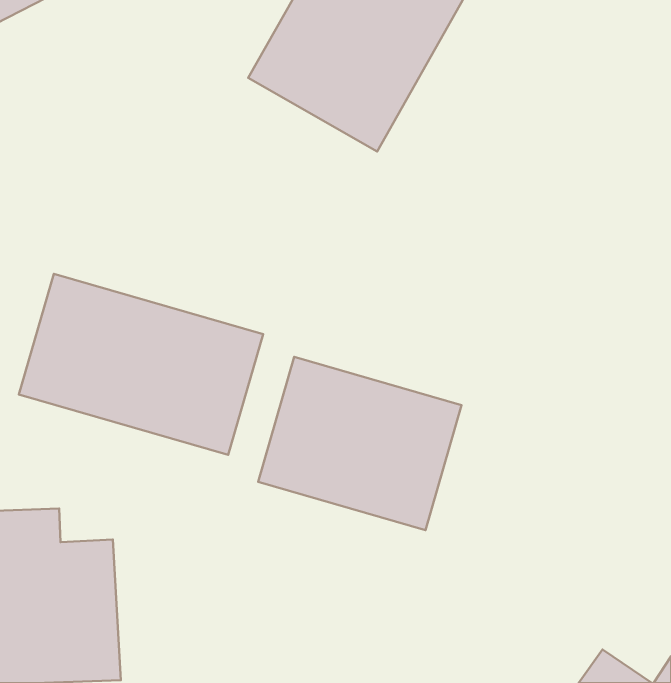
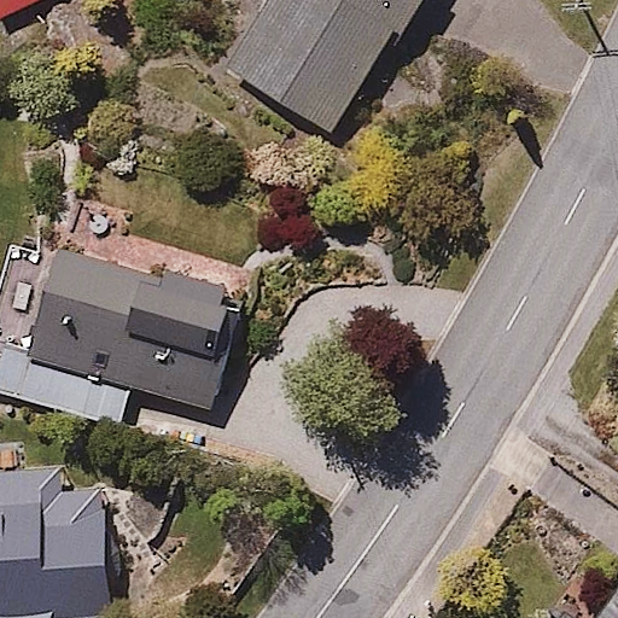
building: [258,357,462,530] -> none

